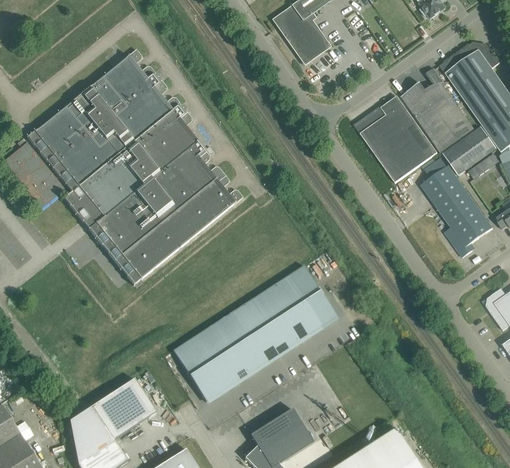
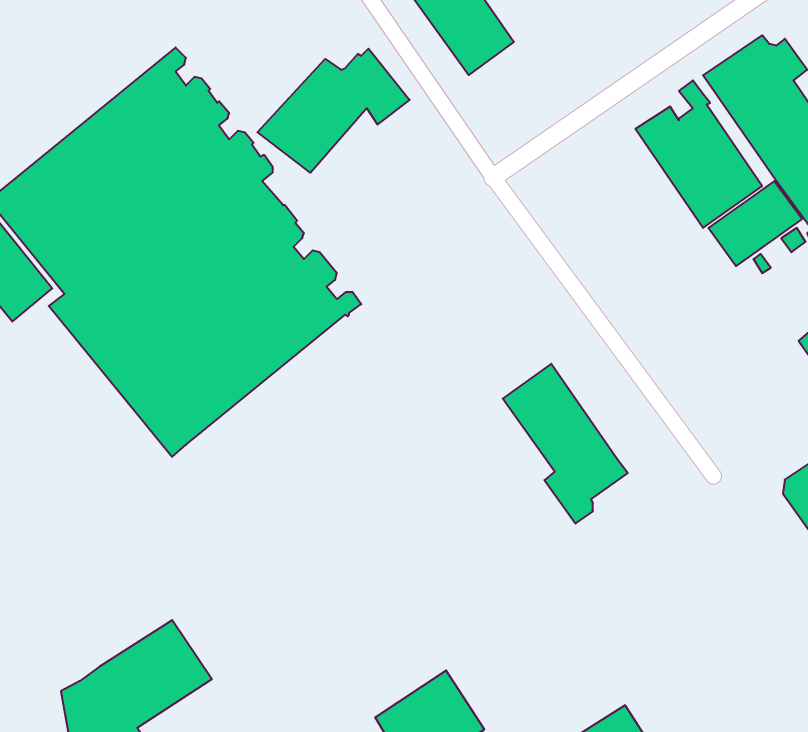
building: none -> [257,49,410,173]
building: [354,96,438,183] -> none
building: [421,165,493,257] -> [503,364,628,524]
building: [173,265,336,401] -> none

